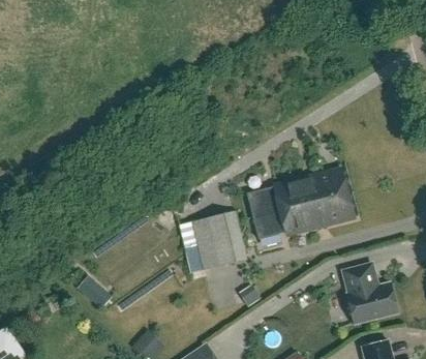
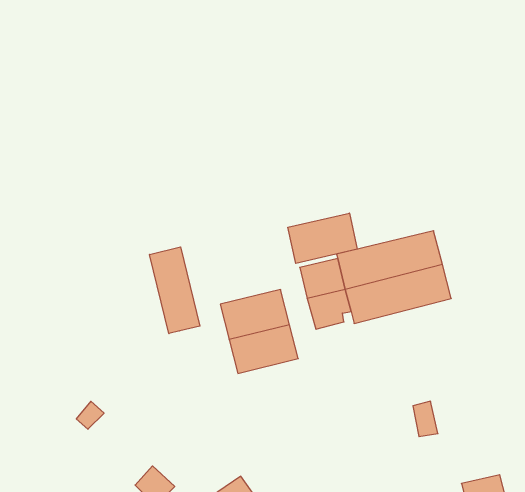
building: none -> [288,213,357,263]
building: none -> [150,247,200,334]
building: [342,263,397,323] -> none

